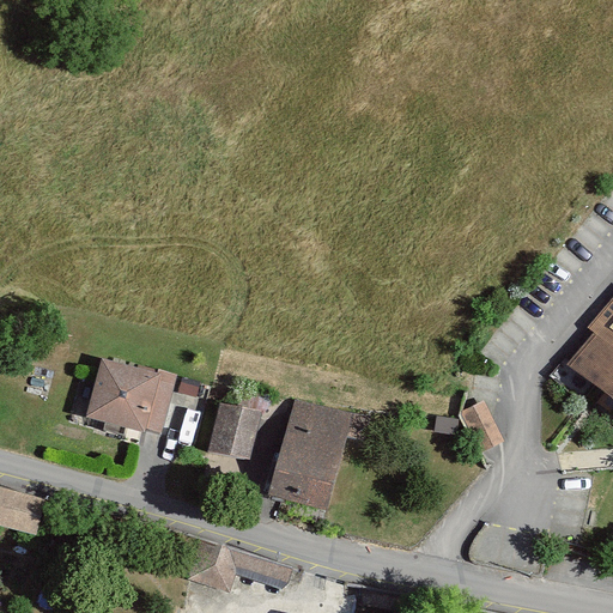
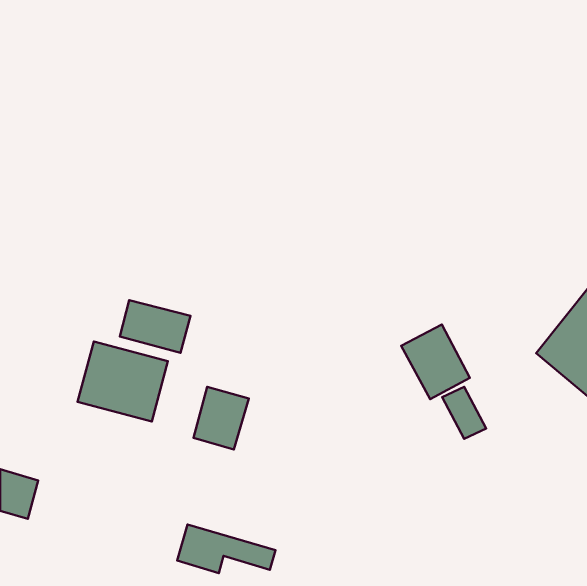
building: none -> [120,300,190,353]
building: none -> [401,324,470,399]
building: [266,393,359,510] -> none

